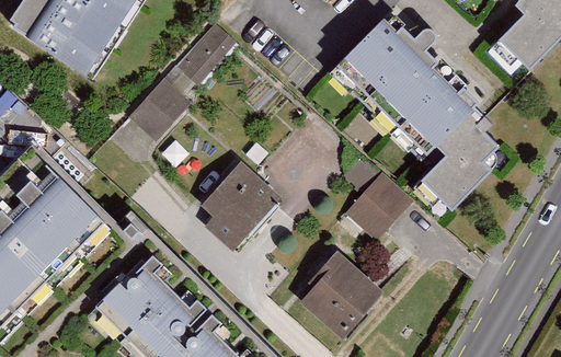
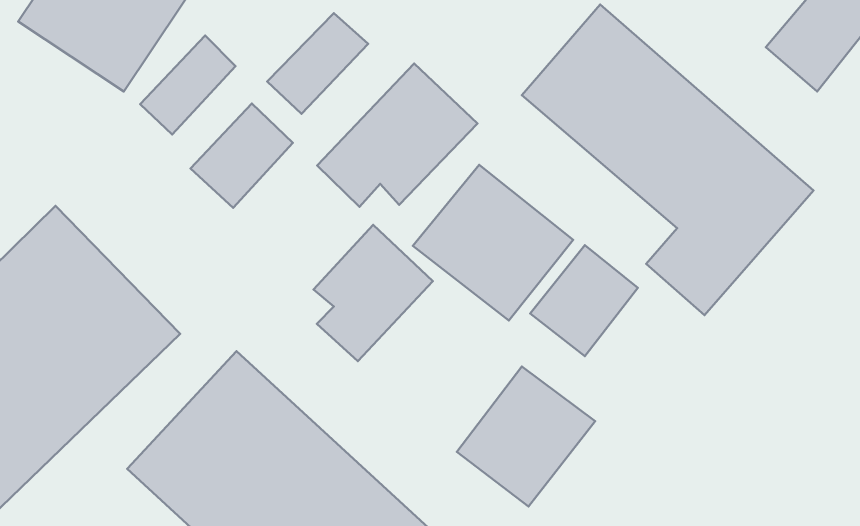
building: none -> [140,36,236,135]
building: none -> [317,64,478,207]
building: none -> [413,165,573,321]

